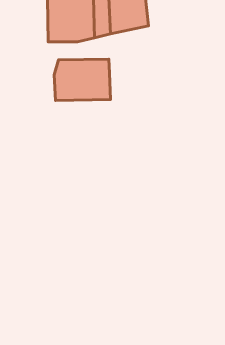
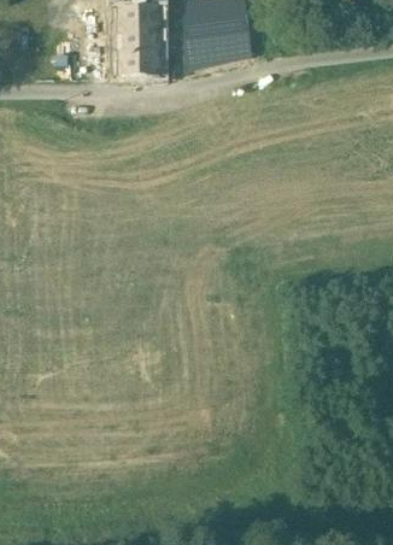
building: [54,59,111,100] -> none

